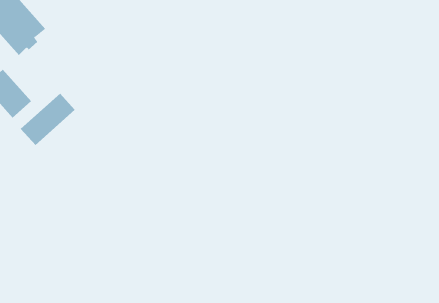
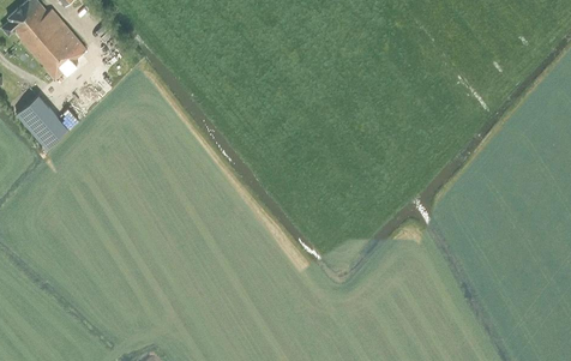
building: [20,93,76,146] -> none

